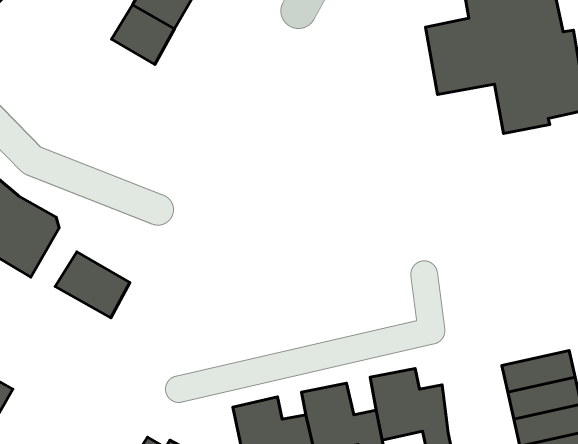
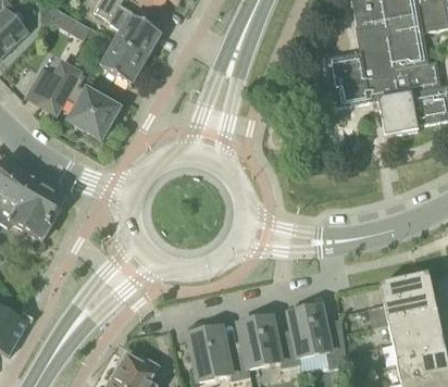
building: none -> [25,47,117,138]
building: [55,252,130,318] -> none
building: none -> [379,273,433,303]

